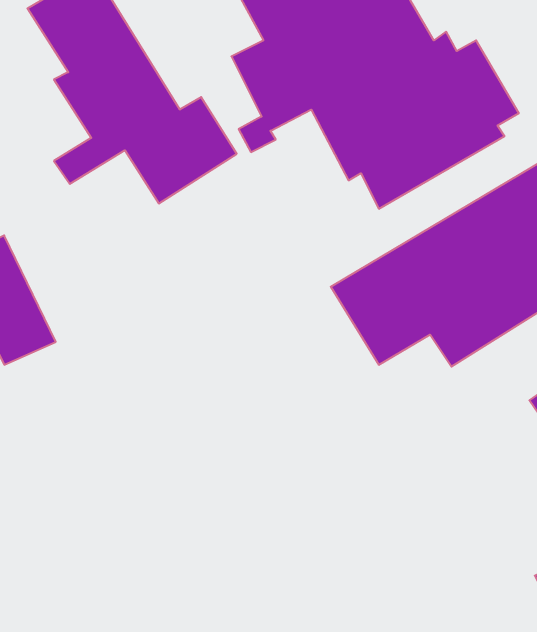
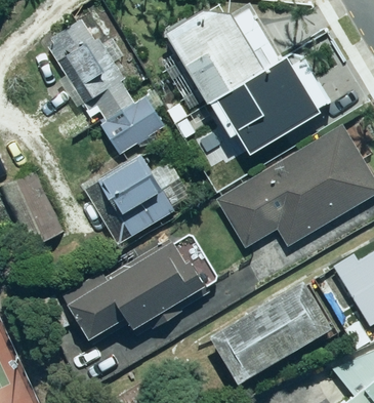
building: none -> [99,157,176,238]
building: none -> [64,228,220,346]
building: none -> [208,279,332,384]

